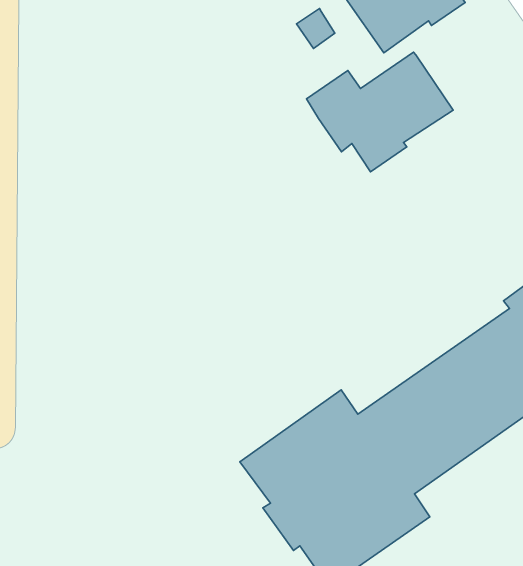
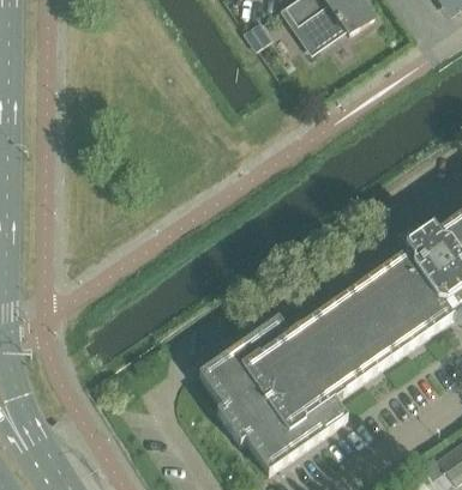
building: [306,52,453,172] -> none

